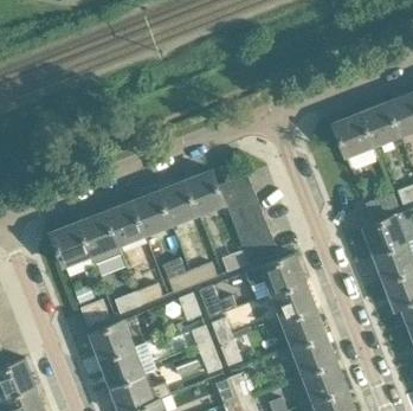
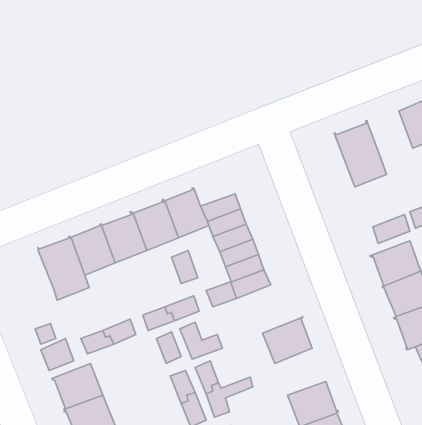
building: [360,101,399,145] -> none
building: [50,223,90,265] -> none
building: [244,253,303,294] -> none
building: [280,307,325,347] -> none

